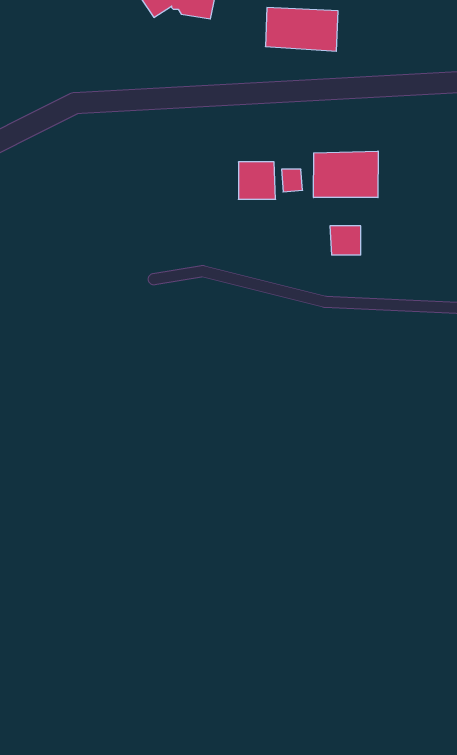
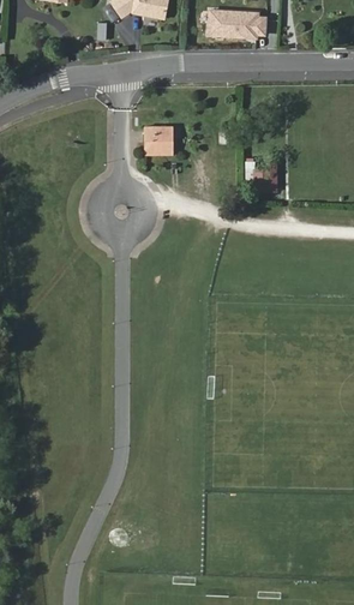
building: [314,151,378,198] -> none
building: [238,162,276,199] -> [144,126,172,154]

